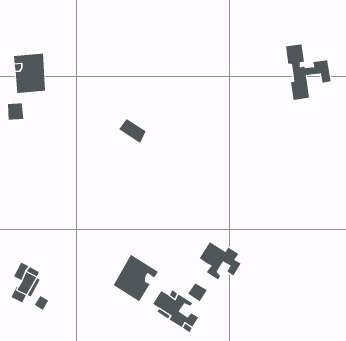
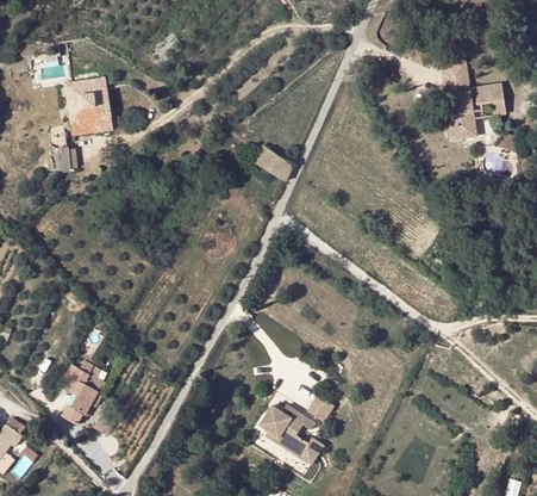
building: [118,118,147,144] -> [252,147,292,182]
building: [199,241,242,281] -> none
building: [113,254,159,302] -> none

